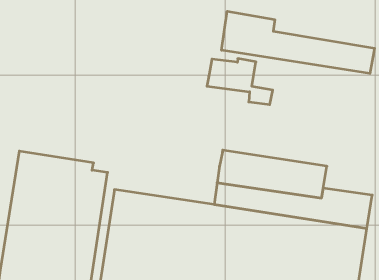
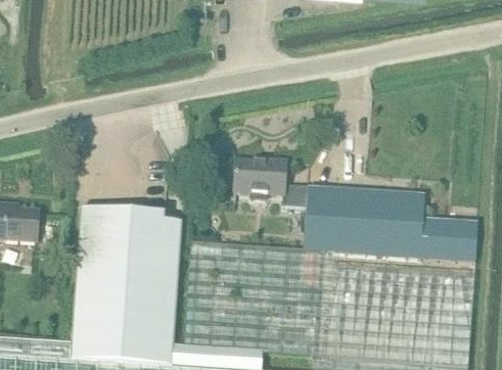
building: [222,11,375,73] -> none
building: [207,59,273,105] -> [233,160,307,209]

